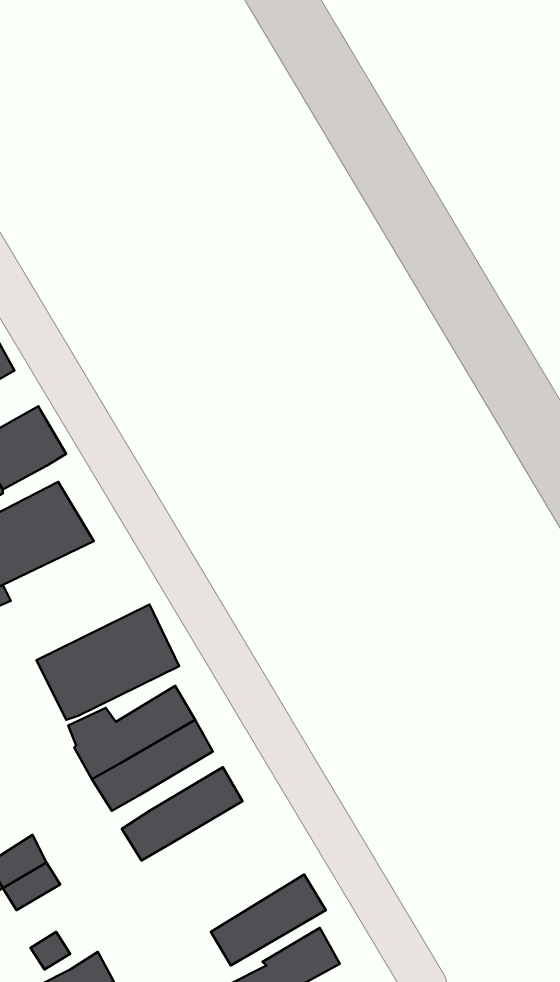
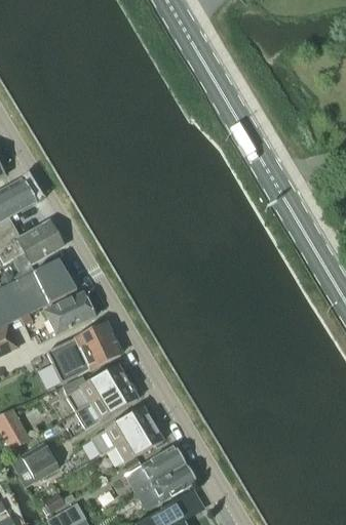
building: none -> [43,291,93,334]
building: none -> [115,423,162,462]
building: none -> [125,444,185,491]

